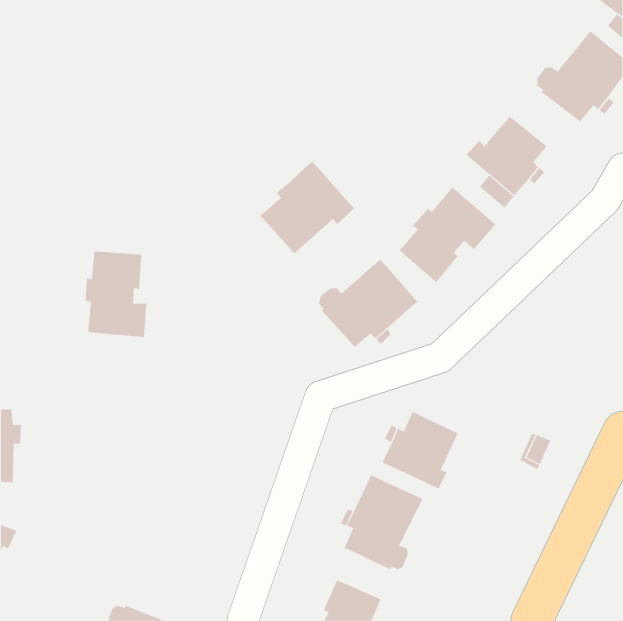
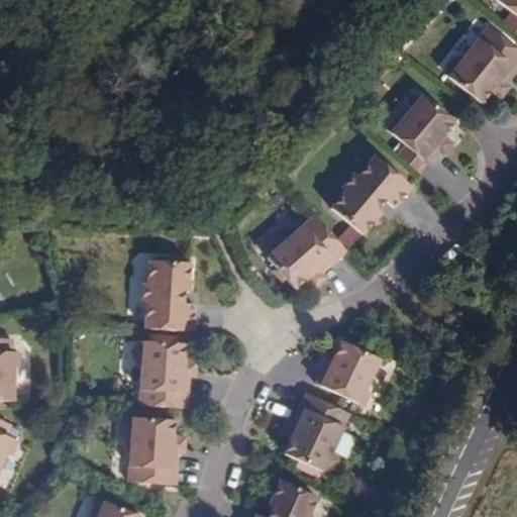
building: [259,160,355,254] -> none
building: [85,251,147,337] -> [142,260,194,331]
building: none -> [133,340,190,408]
building: none -> [122,417,179,485]

